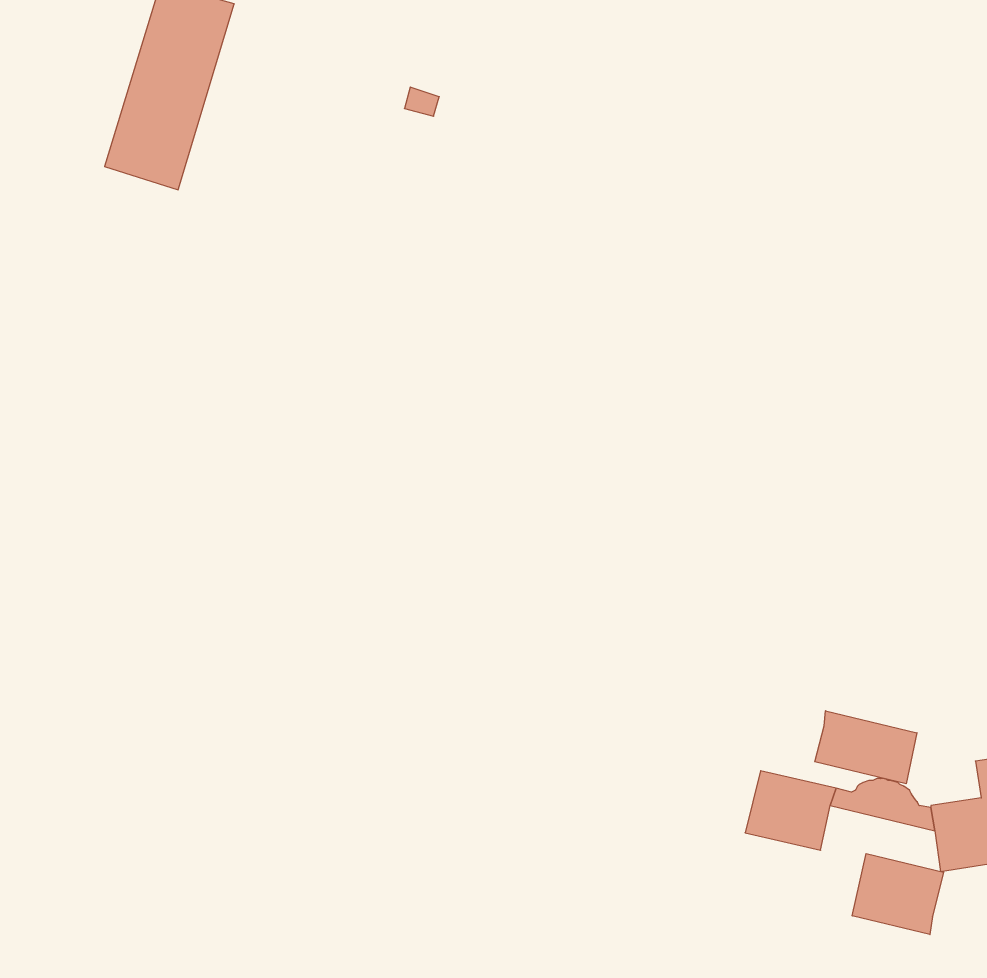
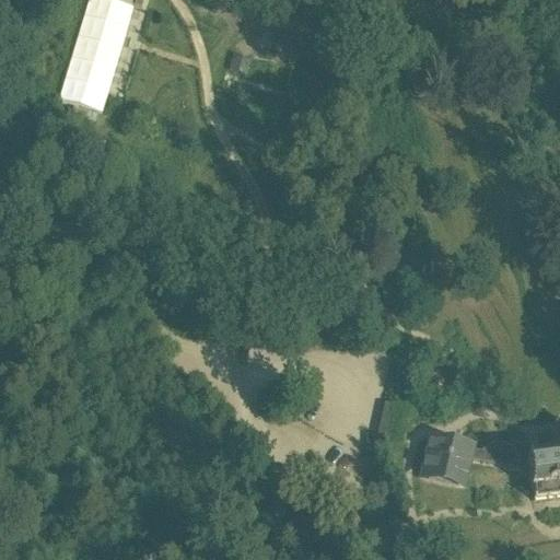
building: [815,711,917,784] -> none
building: [852,854,944,935] -> none

